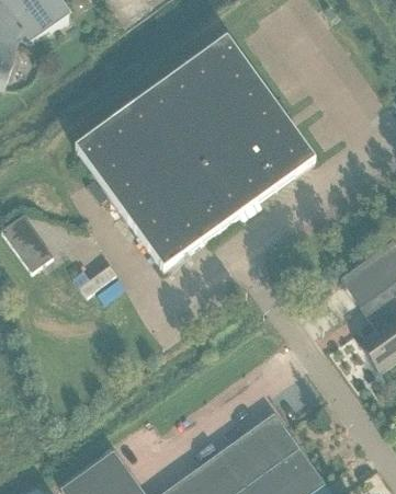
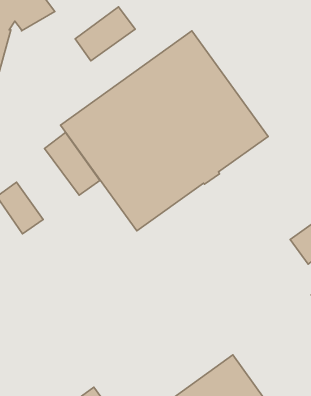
building: none -> [75,7,135,61]
building: none -> [45,133,100,195]

